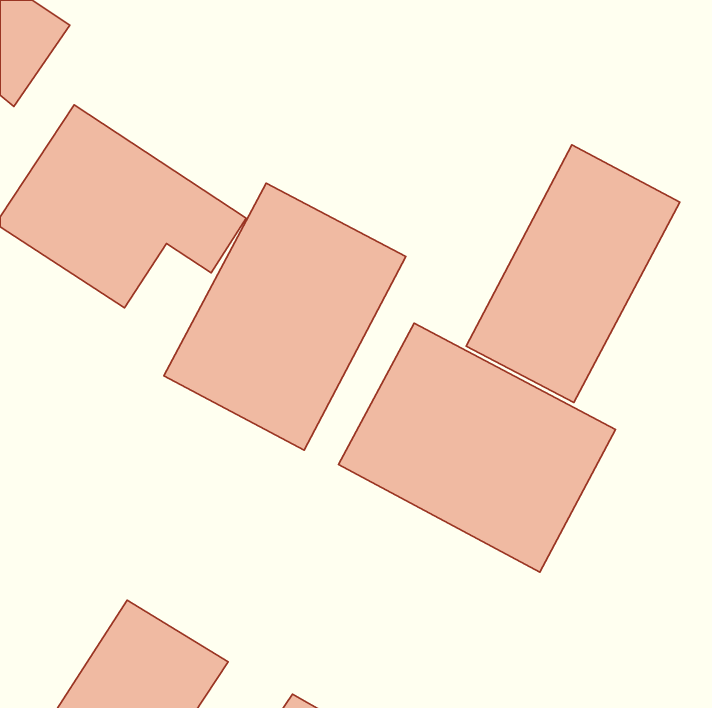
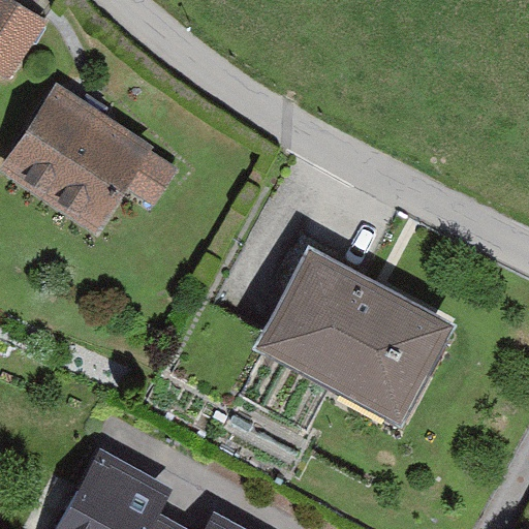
building: [466,145,680,402] -> none
building: [164,183,406,450] -> none

